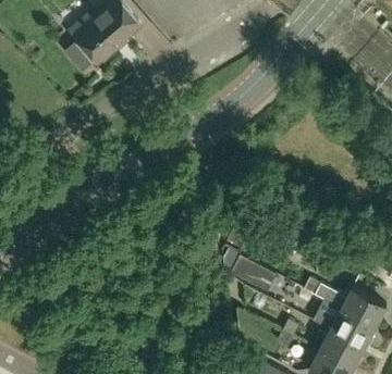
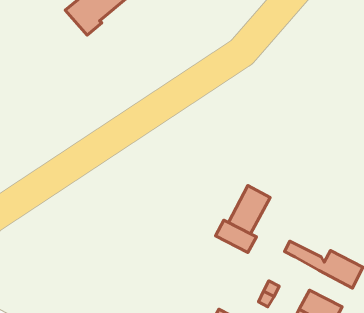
building: none -> [229,186,270,234]
building: [330,308,375,346] -> none

